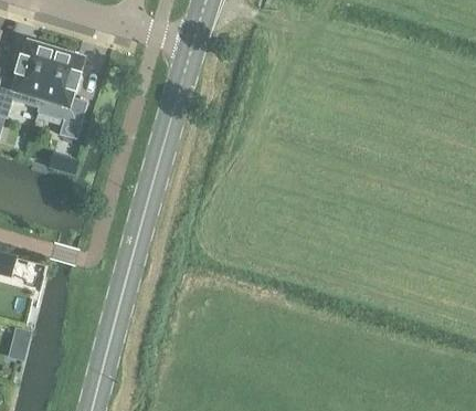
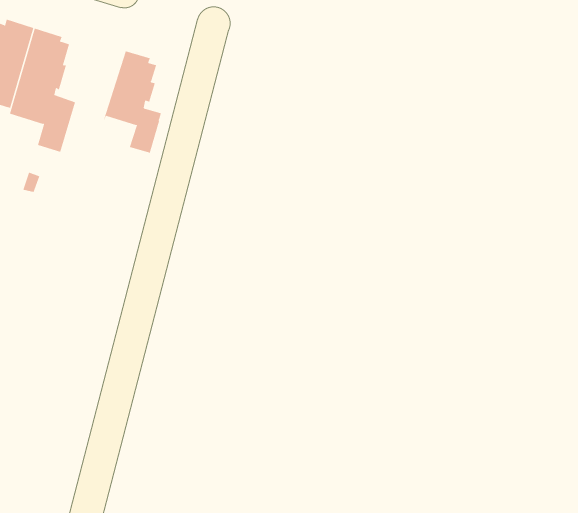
building: none -> [103,51,161,154]

